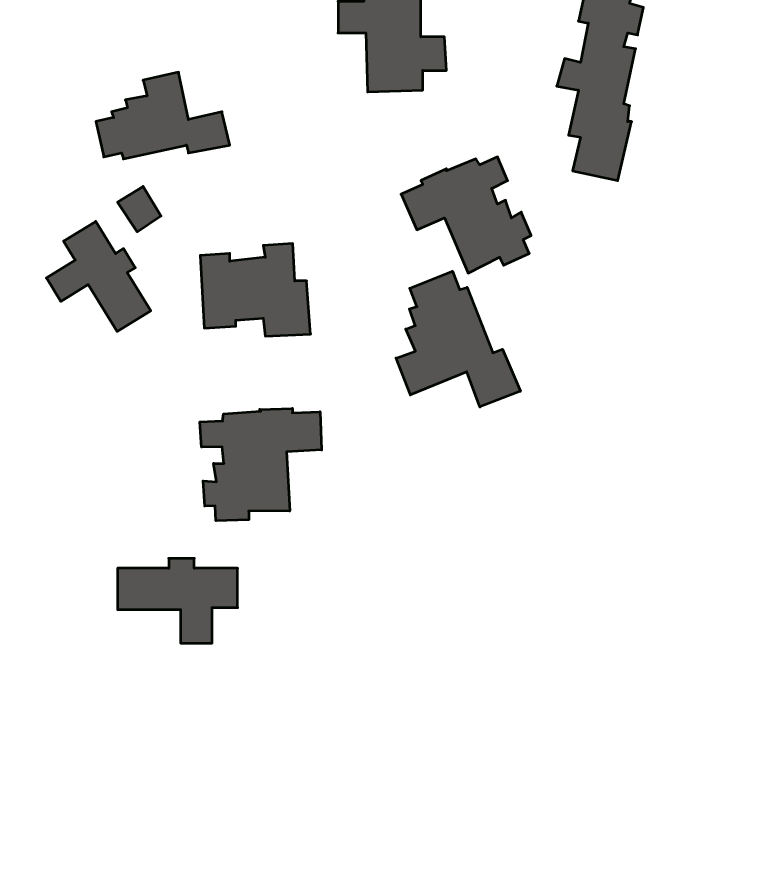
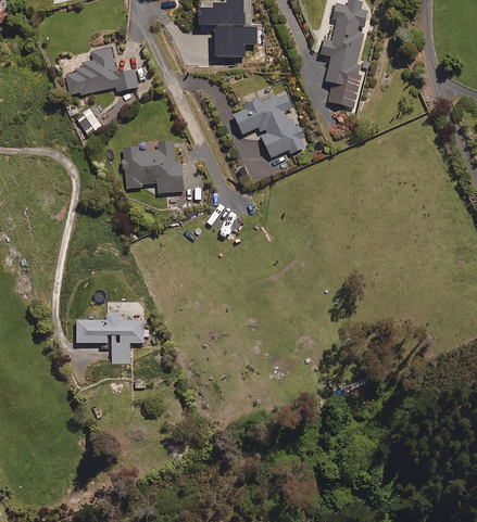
building: [46,221,151,331] -> none
building: [396,271,520,407] -> none
building: [200,408,322,521] -> none

